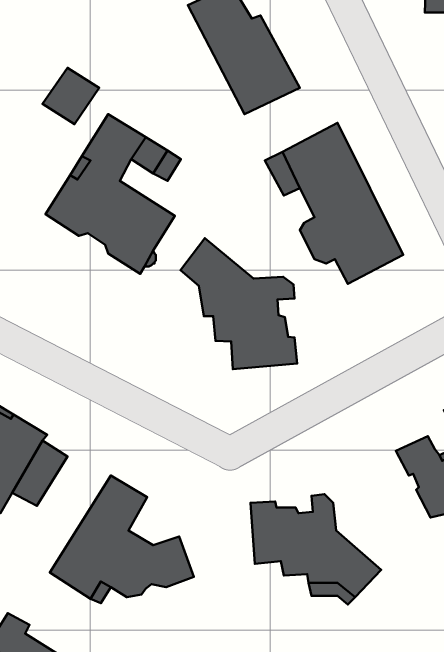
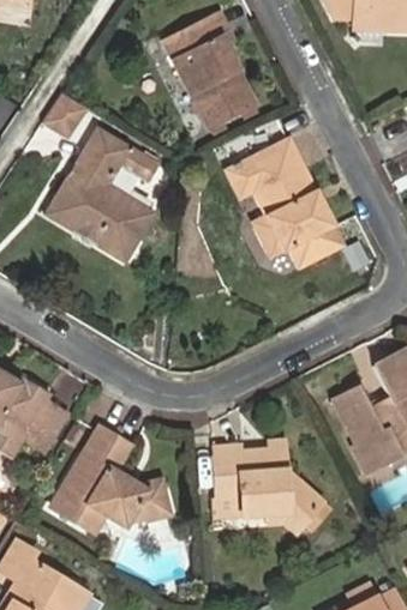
building: [181,238,297,369] -> none

